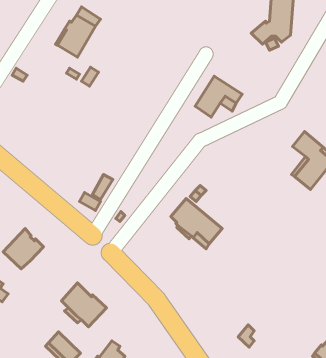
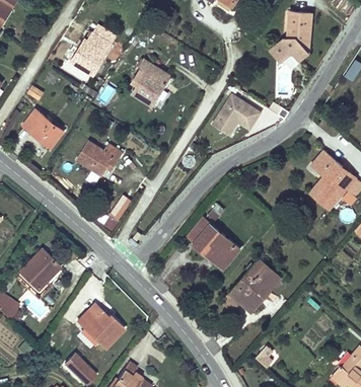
building: none -> [132,60,170,106]
building: none -> [22,109,63,147]
building: none -> [76,141,122,175]
building: none -> [221,259,280,311]

